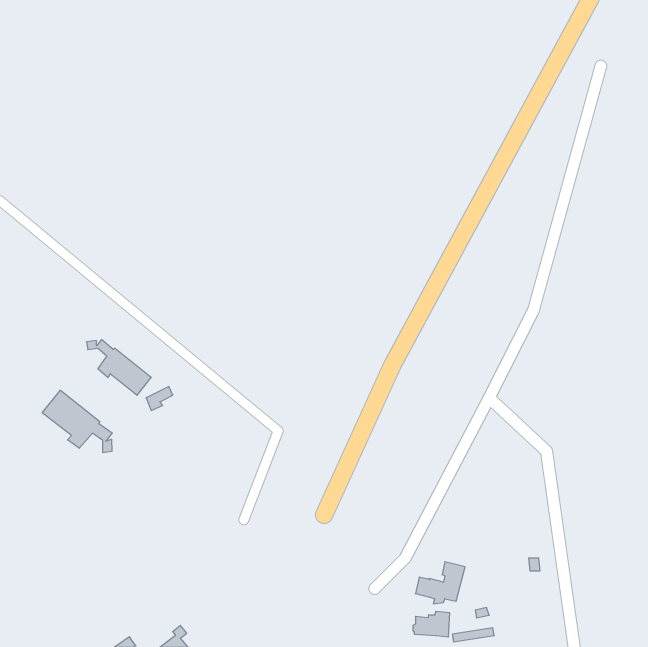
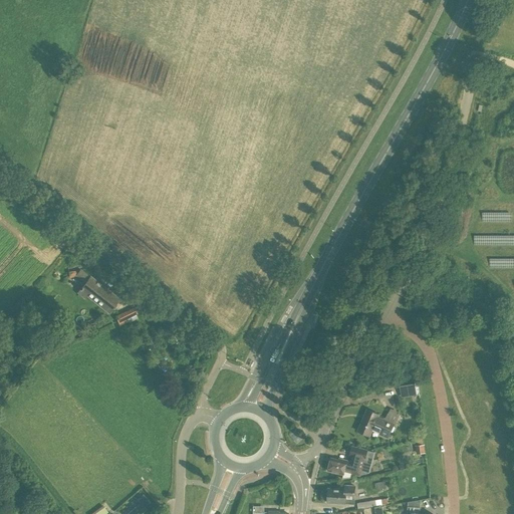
building: [42,390,112,453] -> none
building: none -> [358,408,396,437]

